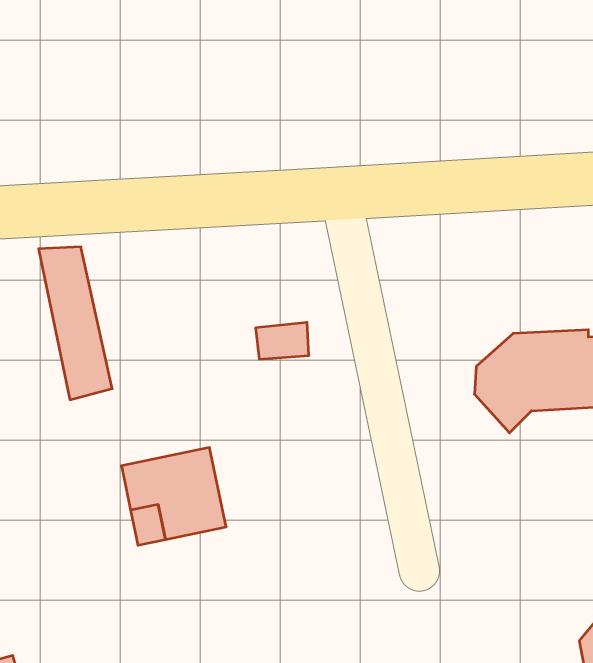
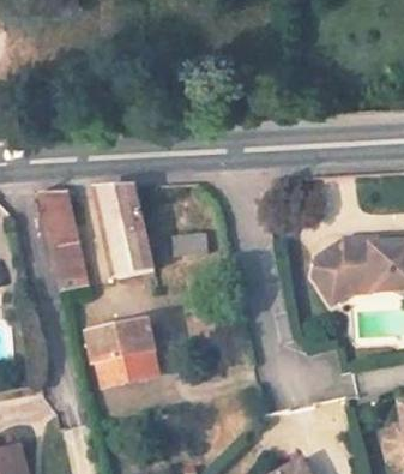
building: none -> [95,180,149,271]

